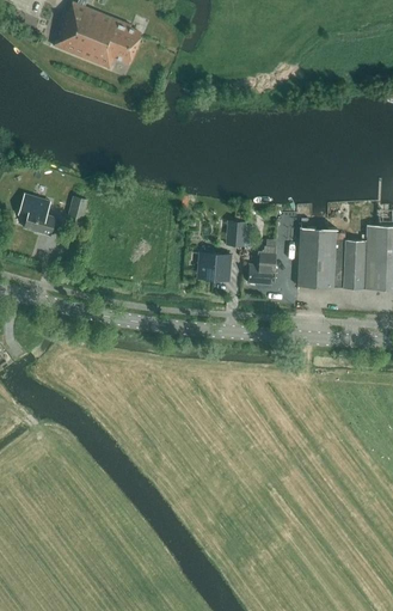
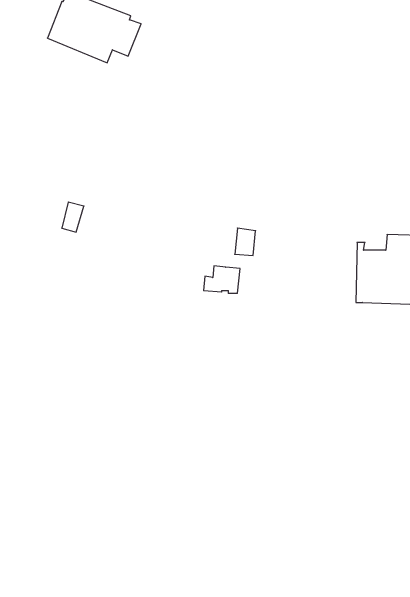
building: [19,194,56,236] -> none
building: [297,228,339,288] -> none
building: [248,238,277,283] -> none

